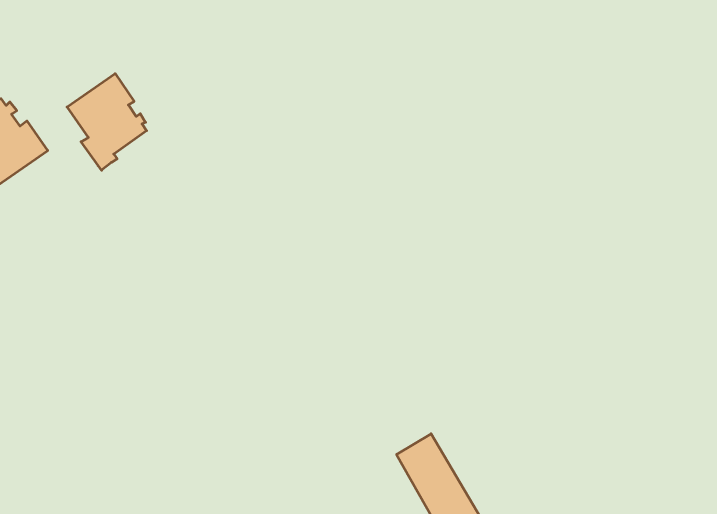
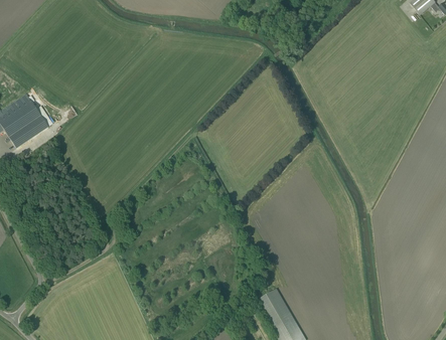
building: [67,74,147,170] -> none

